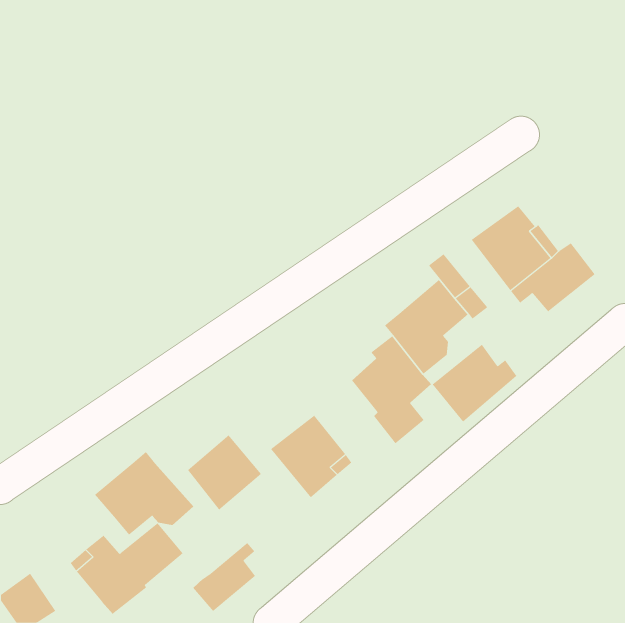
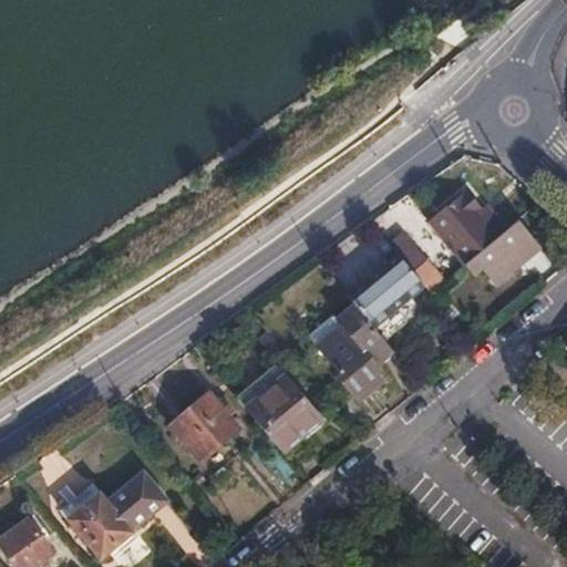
building: [432,344,517,422] -> none
building: [94,451,194,535] -> none
building: [192,542,256,612] -> none

